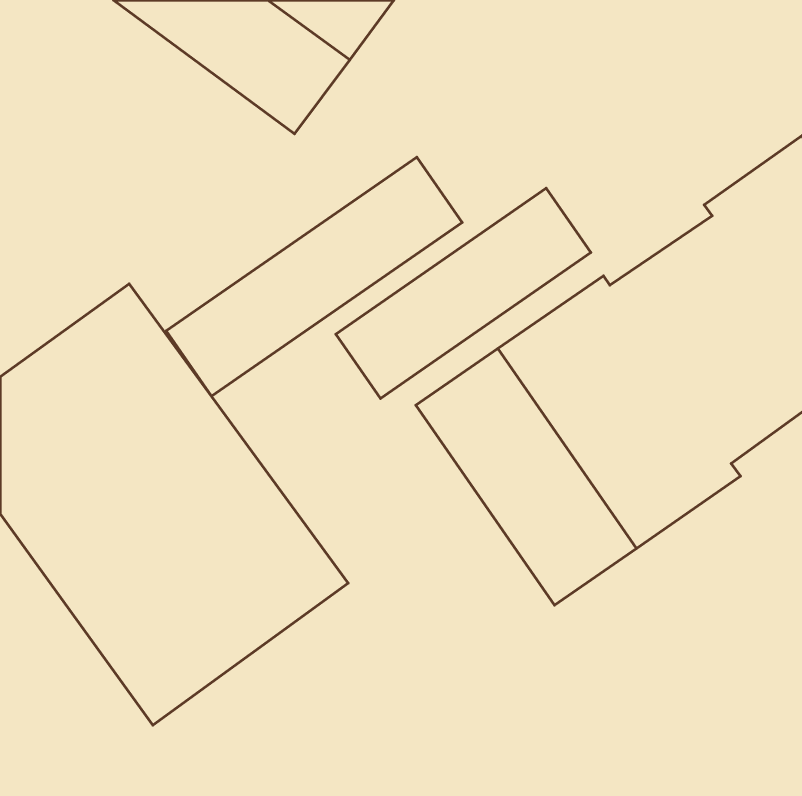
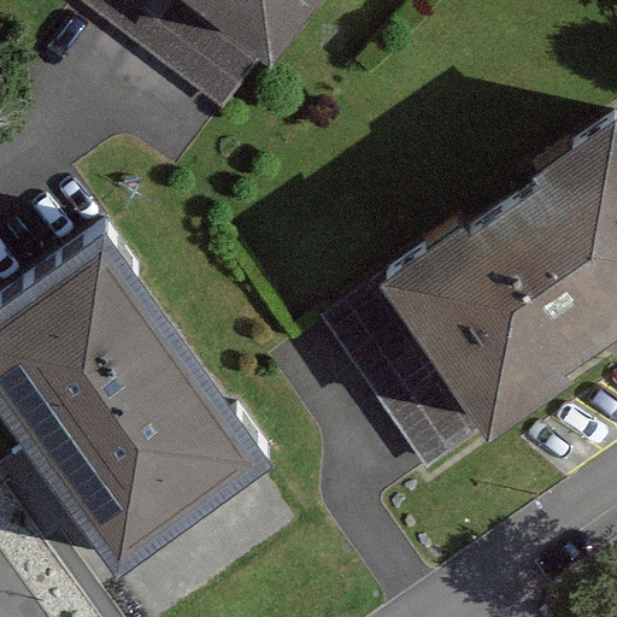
building: [166,157,462,396] -> none
building: [336,188,591,398] -> none

